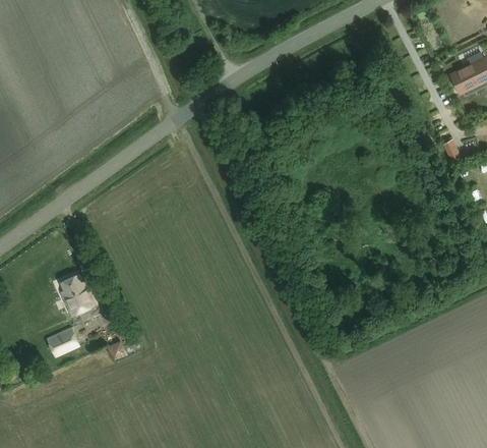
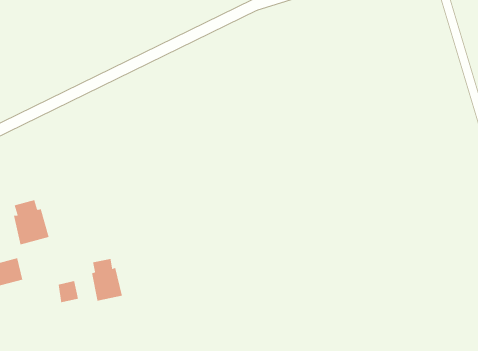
building: none -> [91,258,123,302]

